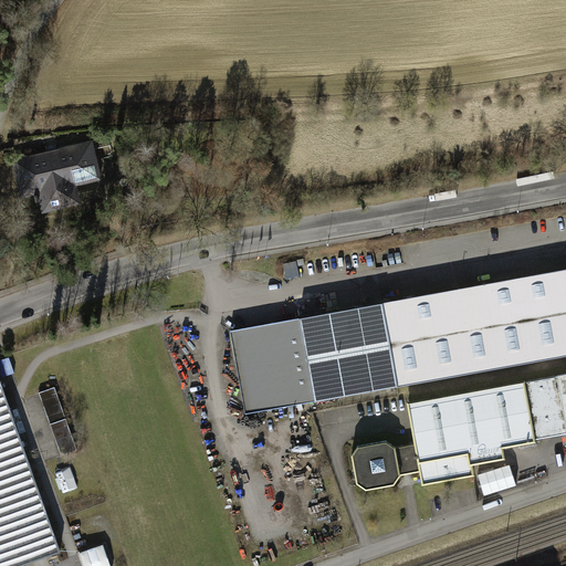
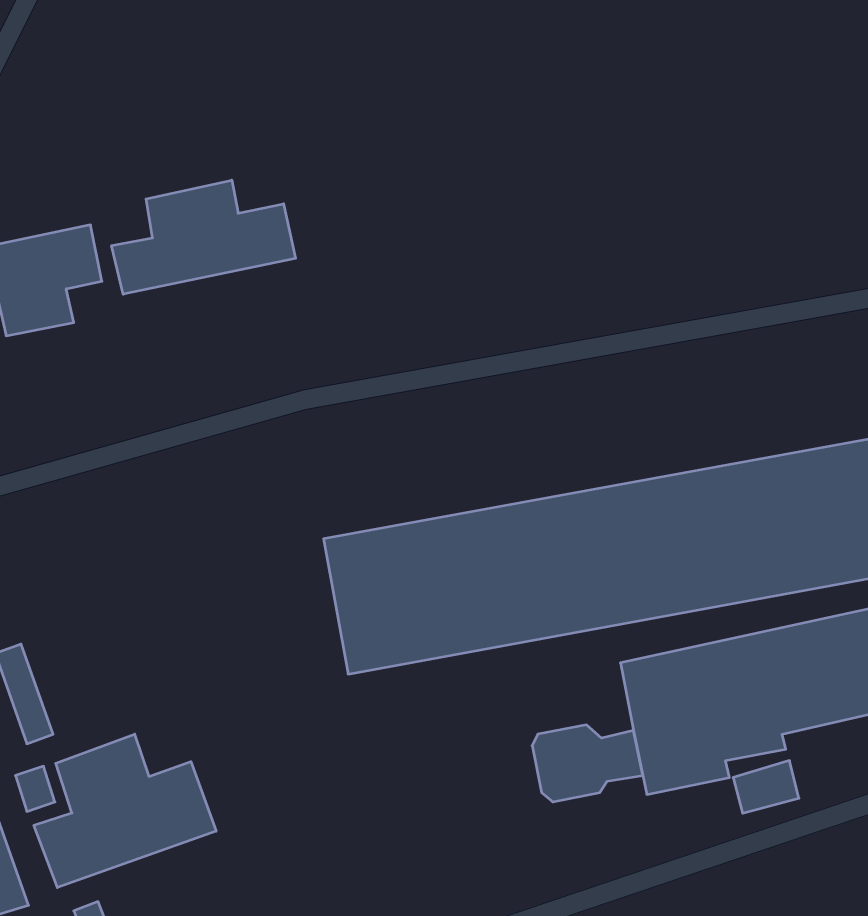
building: none -> [112,180,296,294]
building: none -> [34,734,216,888]

